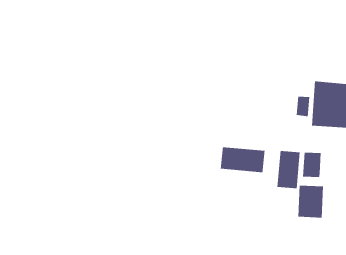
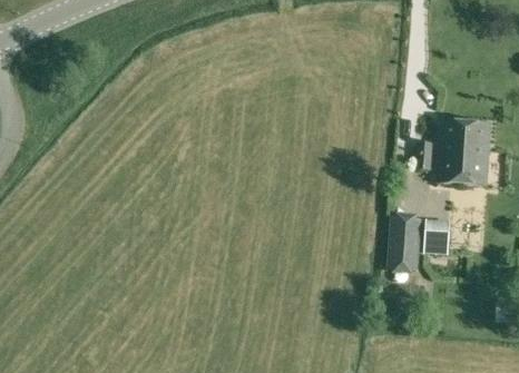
building: [220,146,265,173] -> none
building: [298,185,323,218] -> none

